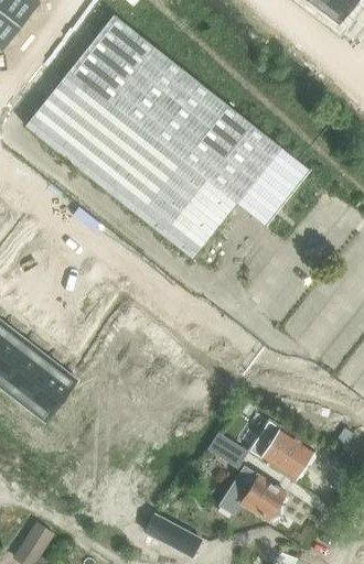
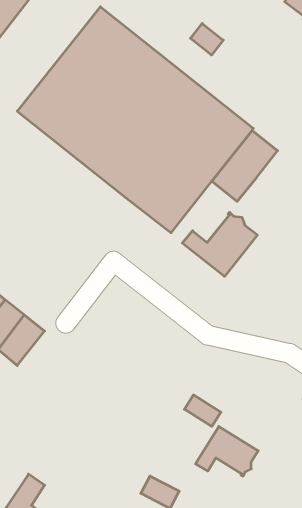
building: none -> [190,23,223,55]
building: none -> [182,212,257,276]
building: [24,365,76,419] -> none
building: [247,422,313,481] -> none

